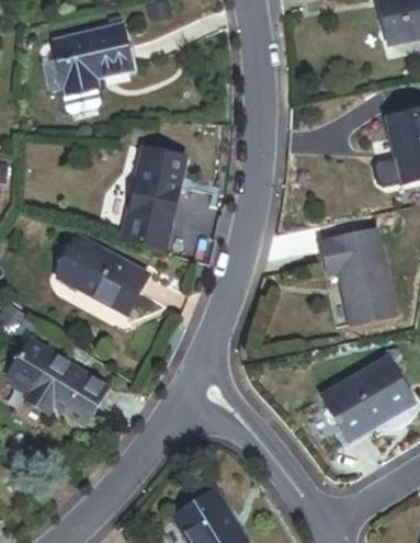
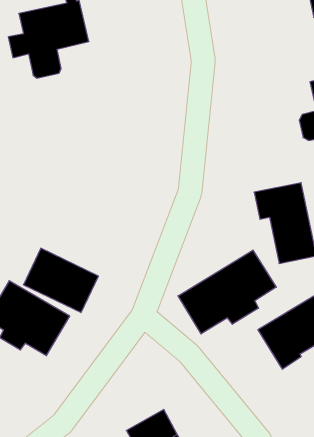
building: [127,138,192,240] -> none
building: [60,237,146,310] -> [23,248,98,313]
building: none -> [178,250,276,334]

